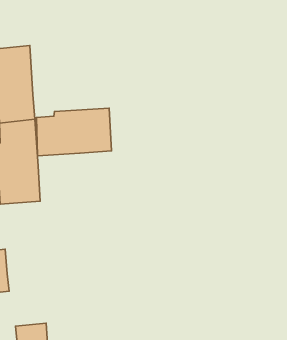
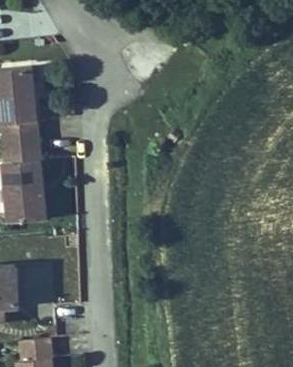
building: [36,108,111,156] -> none

